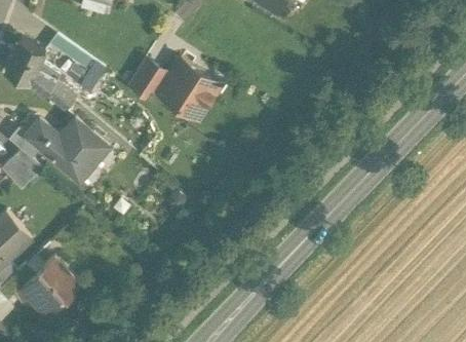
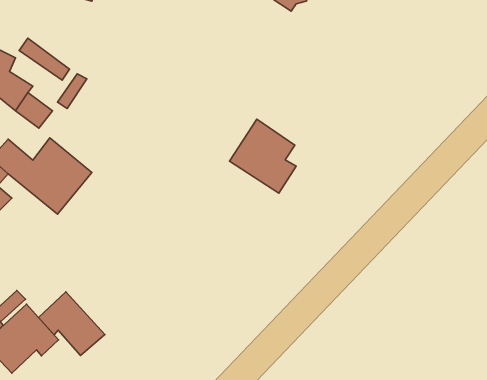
building: [157,56,212,118] -> [230,119,296,193]
building: [127,59,162,97] -> none
building: none -> [39,292,105,355]

